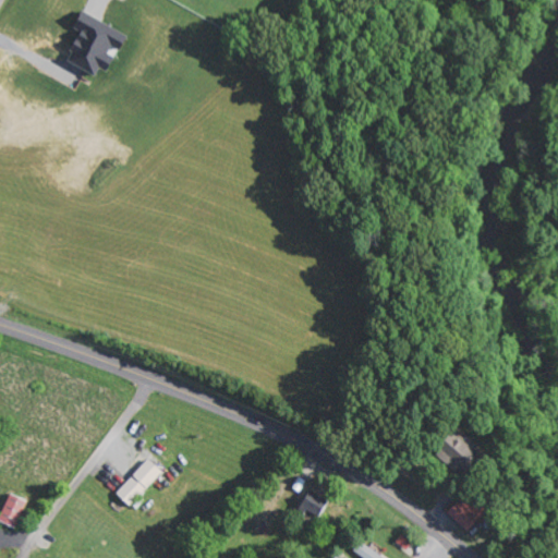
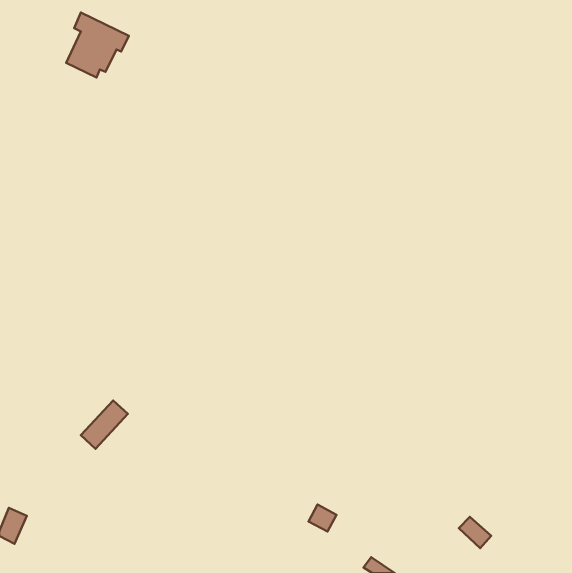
building: [436,428,481,471] -> none
building: [116,460,161,507] -> [81,400,128,449]

